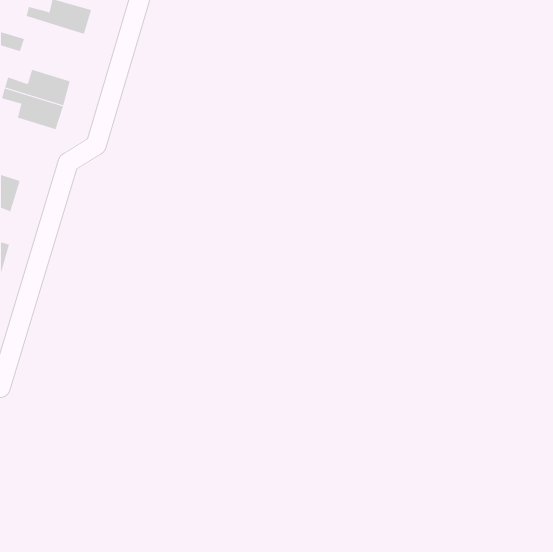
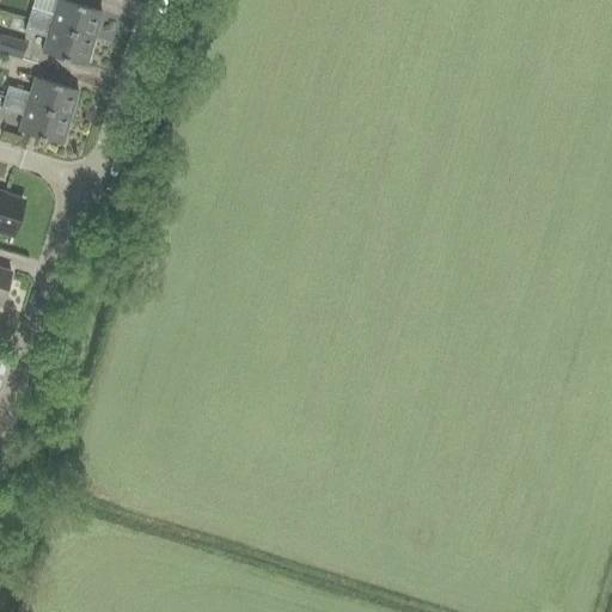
building: none -> [25,18,93,65]

